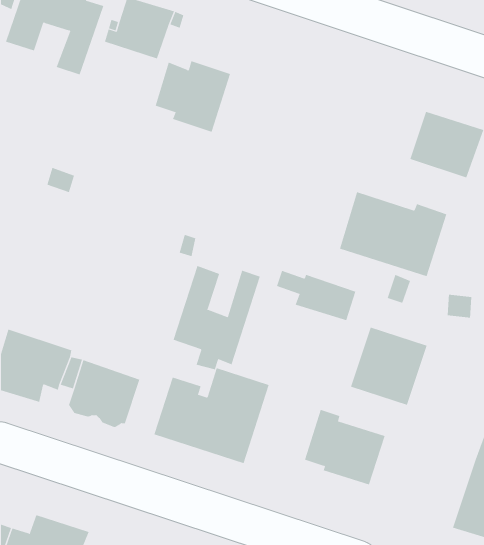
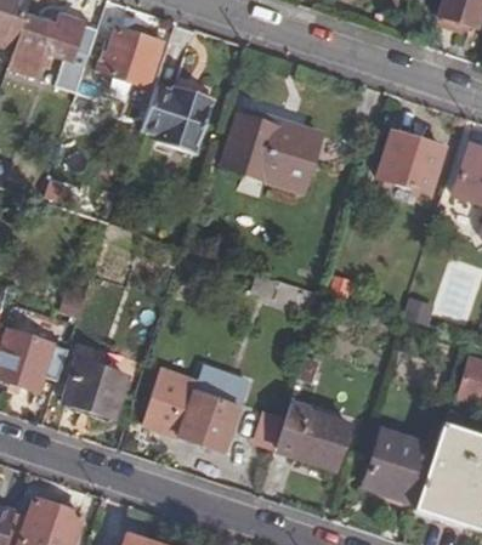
building: [339,191,447,277] -> [223,113,322,191]
building: [173,265,260,370] -> none
building: [350,327,427,405] -> [364,431,435,503]

